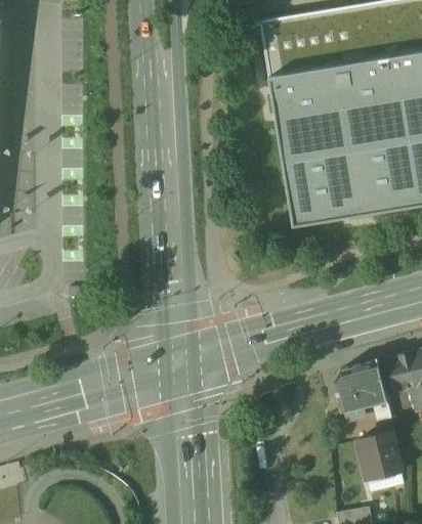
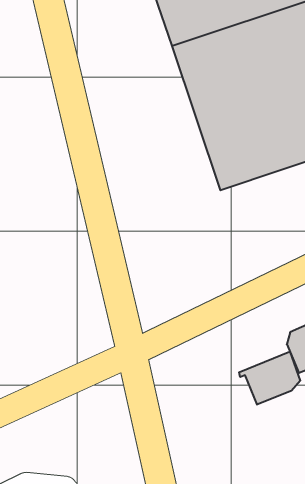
building: none -> [239,352,300,405]

